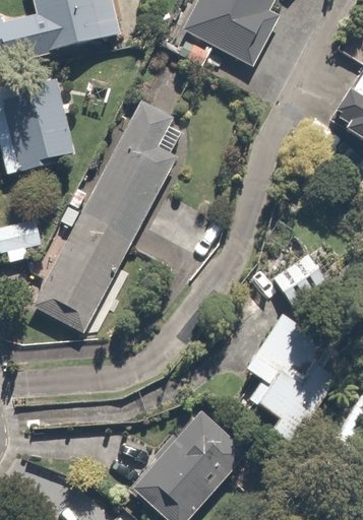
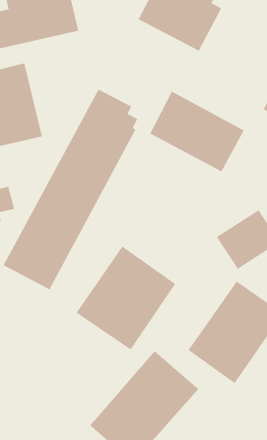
building: none -> [149,90,245,173]
building: none -> [75,246,176,350]

